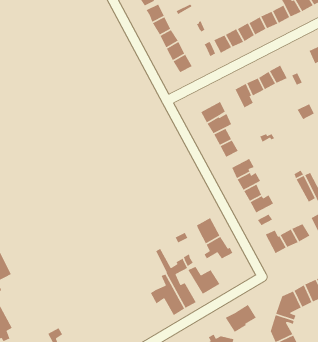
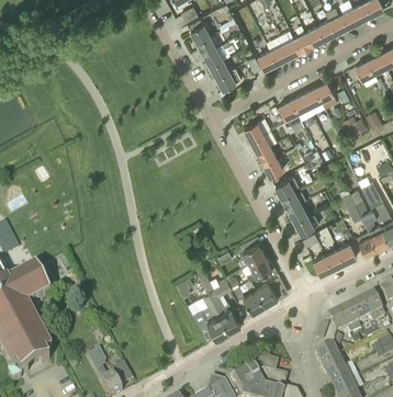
building: [225,304,257,333] -> [256,277,289,307]

